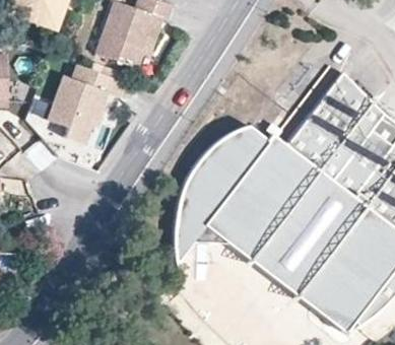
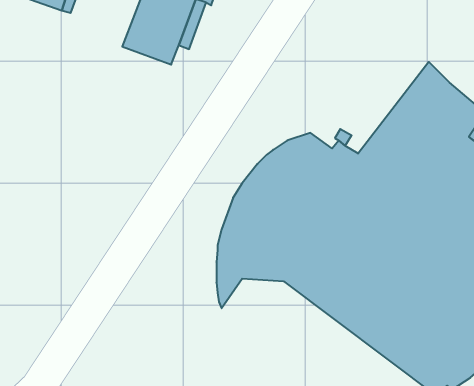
building: [46,66,121,147] -> none

